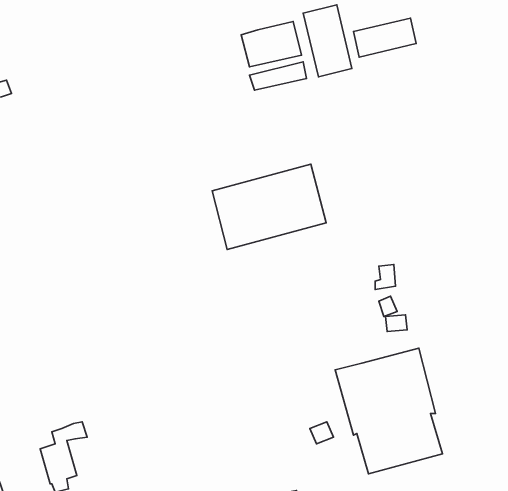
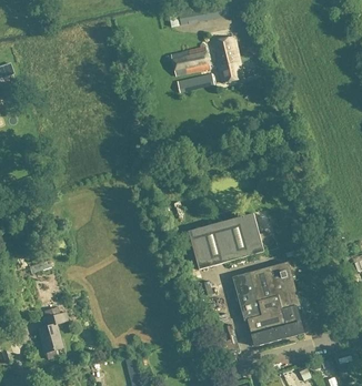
building: [354,18,416,57] -> none
building: [212,164,326,250] -> [188,212,263,268]

